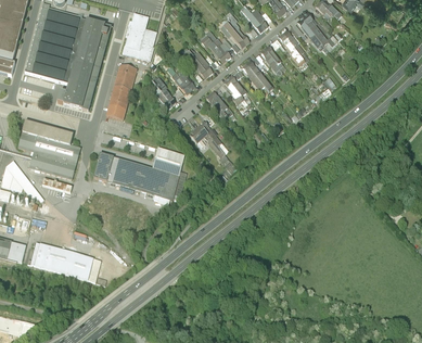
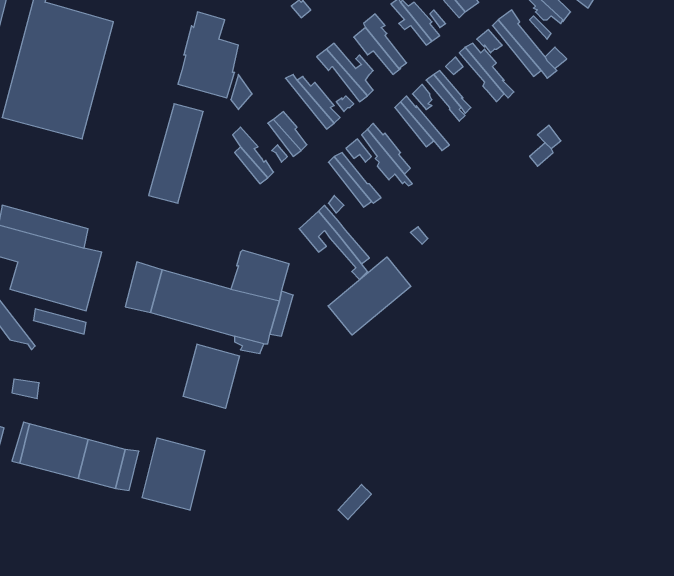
building: [56,21,112,112] -> none
building: none -> [328,257,411,335]
building: none -> [183,344,240,408]
building: none -> [142,438,205,510]

